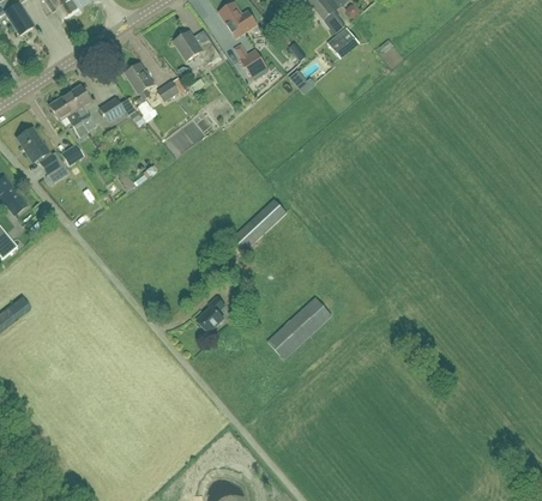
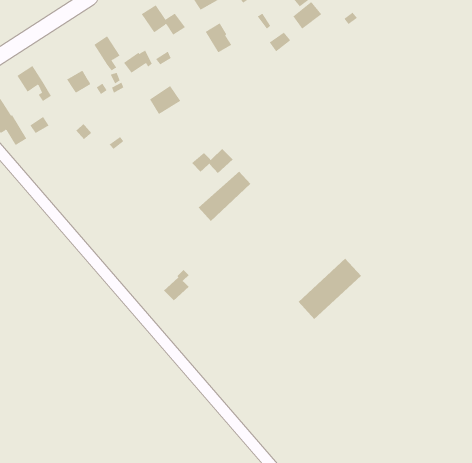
building: [65,84,96,129] -> none
building: none -> [191,148,234,174]
building: [267,296,332,358] -> [298,258,362,320]

